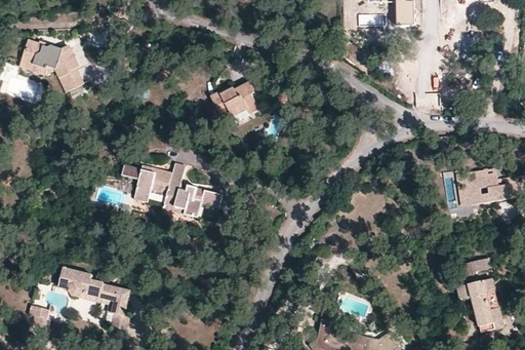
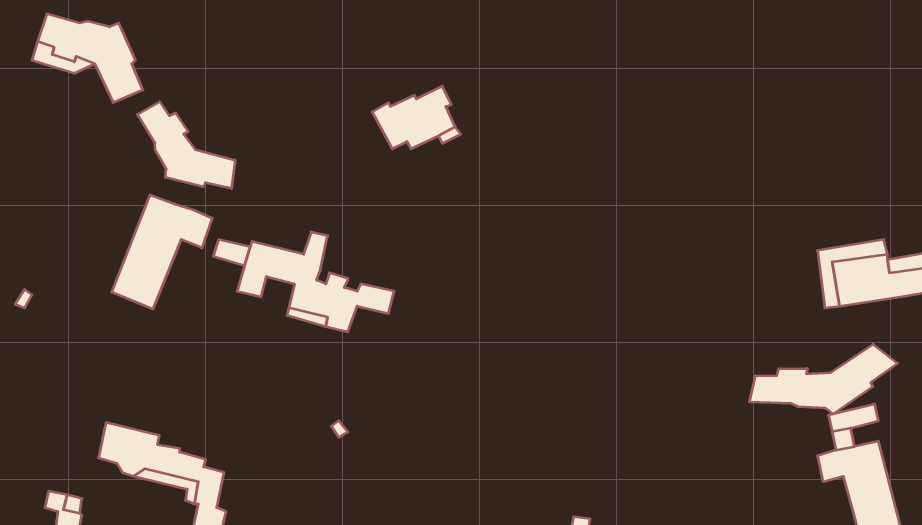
building: none -> [137,102,235,189]
building: none -> [112,195,212,309]
building: none -> [750,344,898,414]

